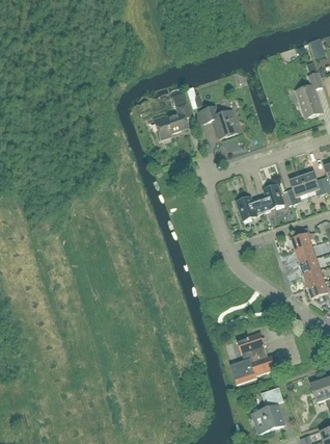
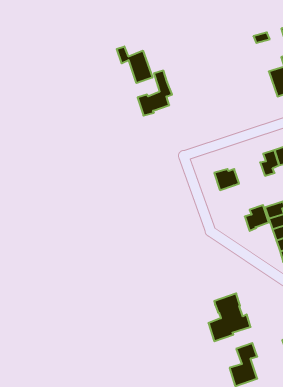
building: none -> [117,46,152,83]
building: [198,105,239,137] -> none
building: [258,184,284,212] -> [245,205,269,231]

